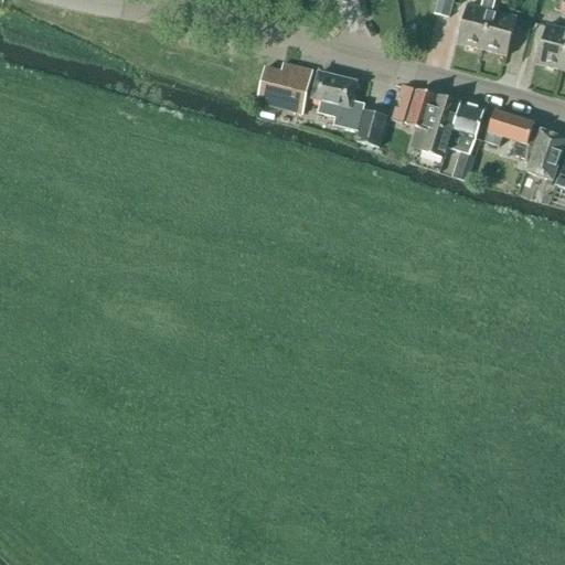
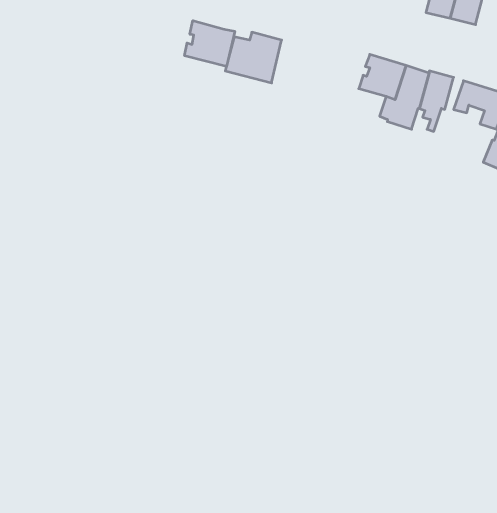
building: none -> [185,21,235,67]
building: [312,71,356,116] -> none
building: [358,109,387,146] -> none

